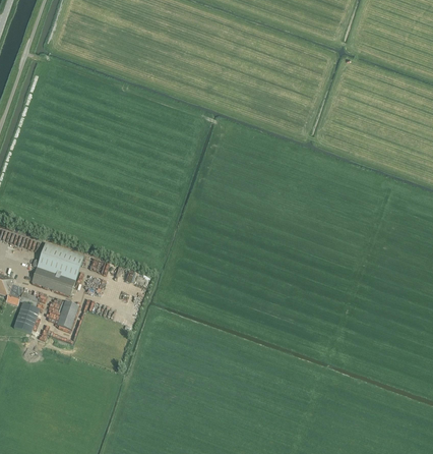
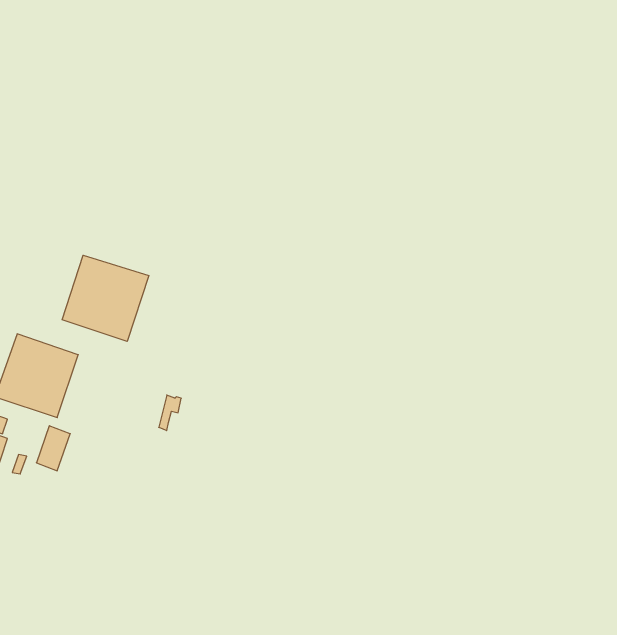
building: none -> [62,255,149,341]

